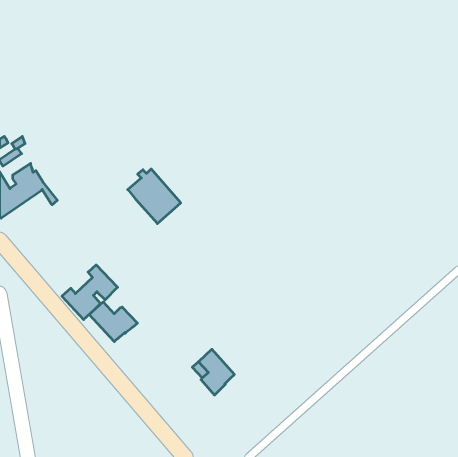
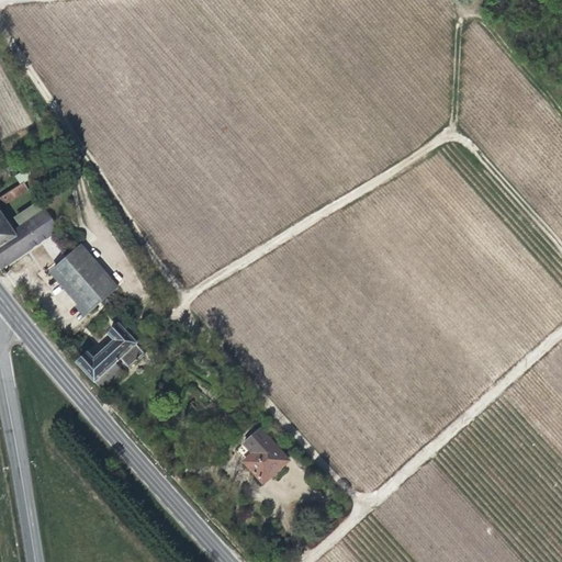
building: [128,169,181,224] -> [52,244,116,311]
building: [89,302,137,342] -> none

